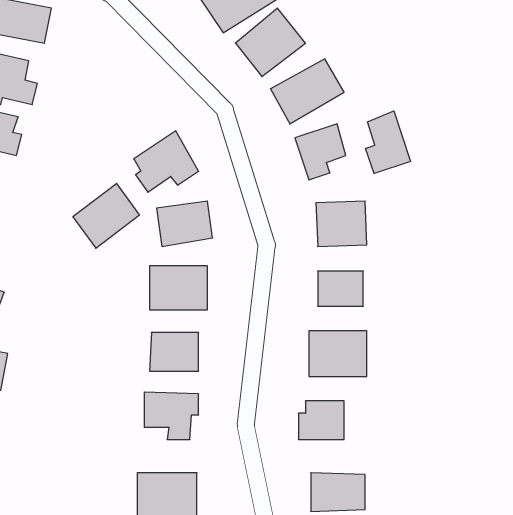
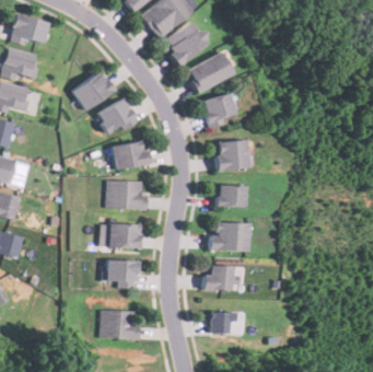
building: [366,111,411,174] -> none
building: [73,183,139,248] -> [74,70,116,111]

